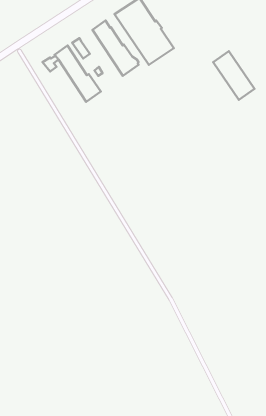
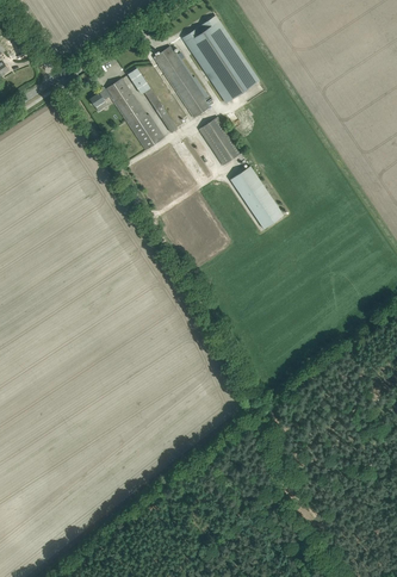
building: [213,51,255,100] -> [229,166,283,229]
building: none -> [198,116,240,165]

